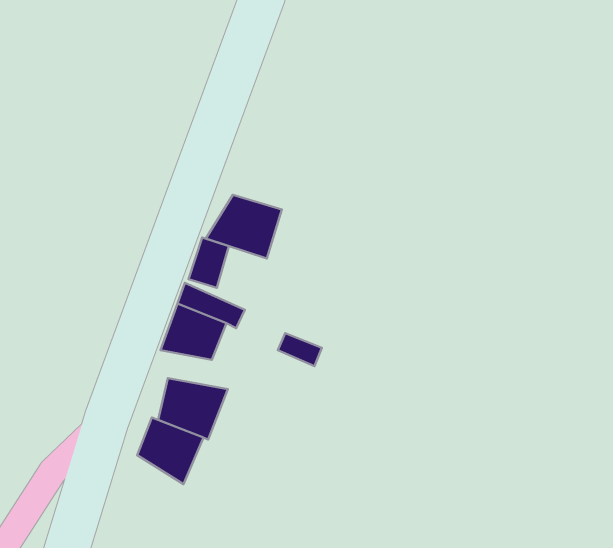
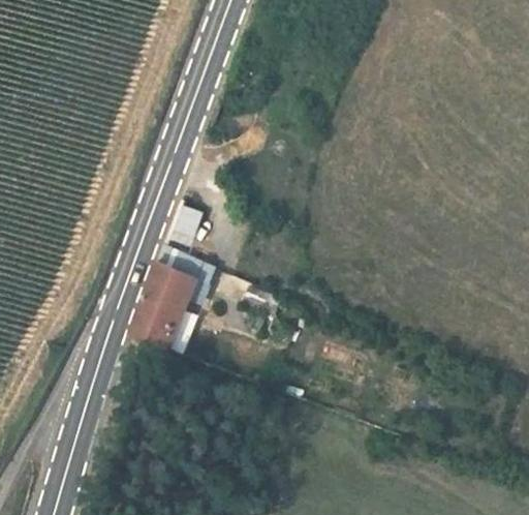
building: [206,195,282,259] -> none
building: [137,417,203,484] -> none

